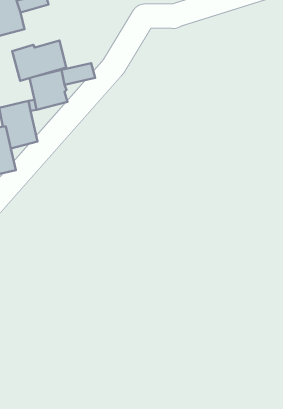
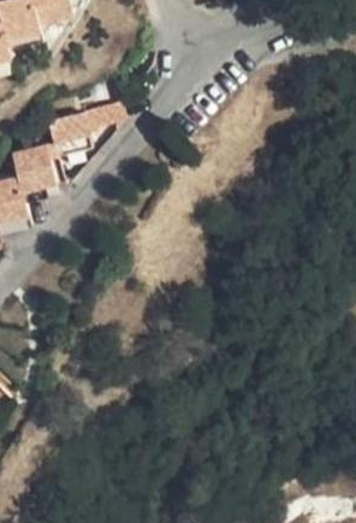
building: [12,41,66,81] -> none

